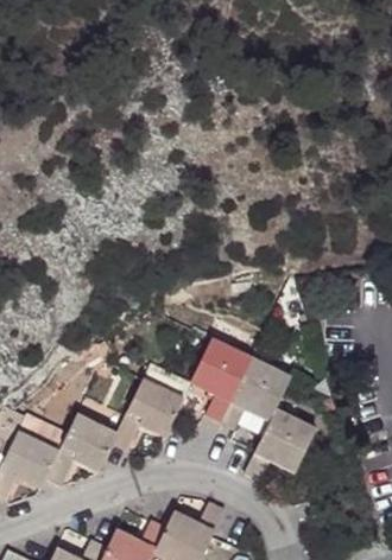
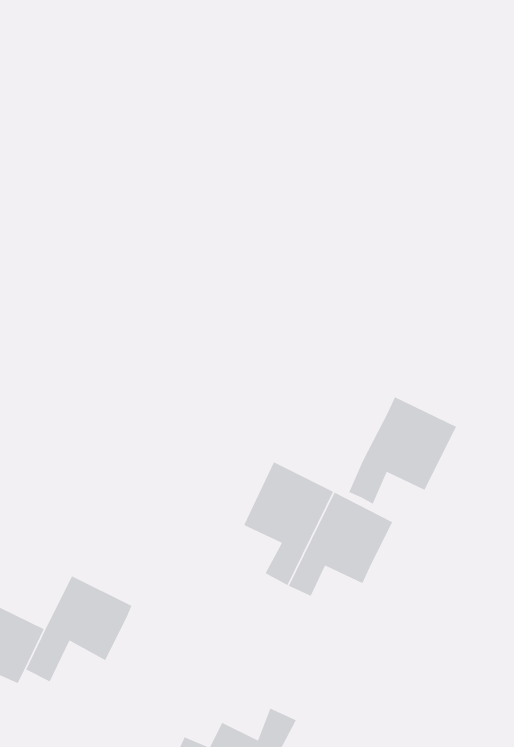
building: [113,380,184,451] -> none
building: [244,409,316,482] -> [348,396,457,505]

